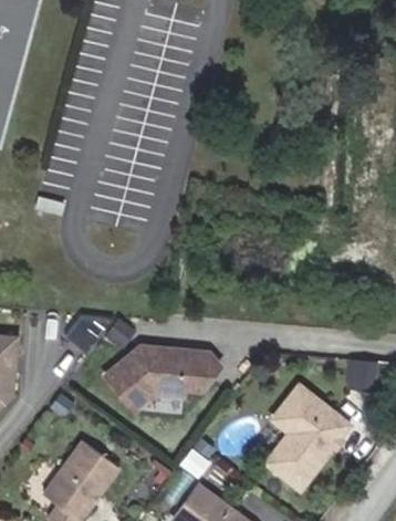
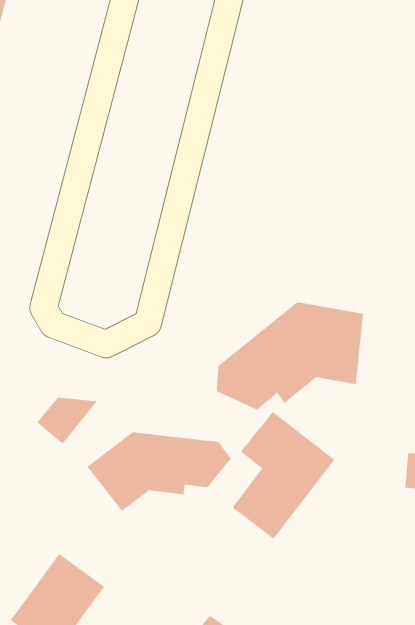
building: none -> [216,302,364,410]
building: [268,388,350,490] -> [232,411,335,539]

